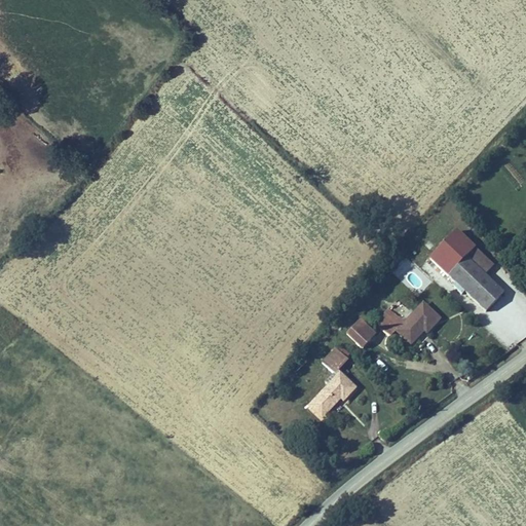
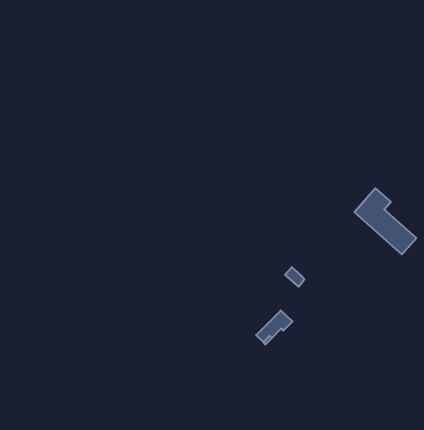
building: [376,302,440,343] -> none
building: [321,346,348,375] -> none

